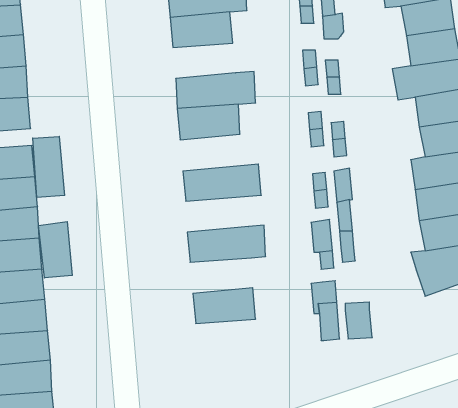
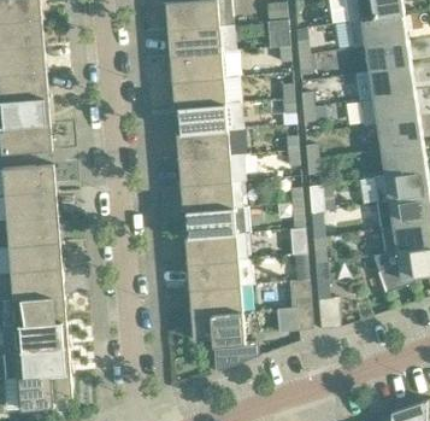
building: none -> [171,77,224,107]
building: none -> [177,153,246,186]
building: [33,136,65,197] -> none
building: none -> [182,206,248,238]
building: [39,222,72,278] -> none
building: none -> [185,259,238,290]
building: none -> [190,311,255,372]

